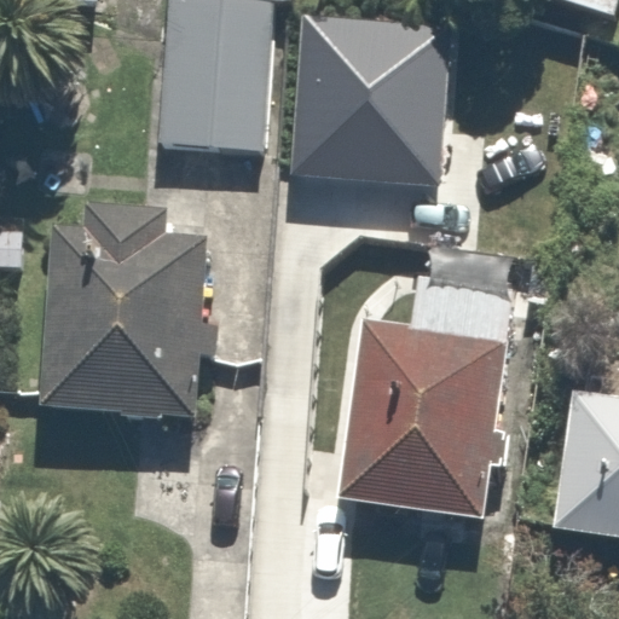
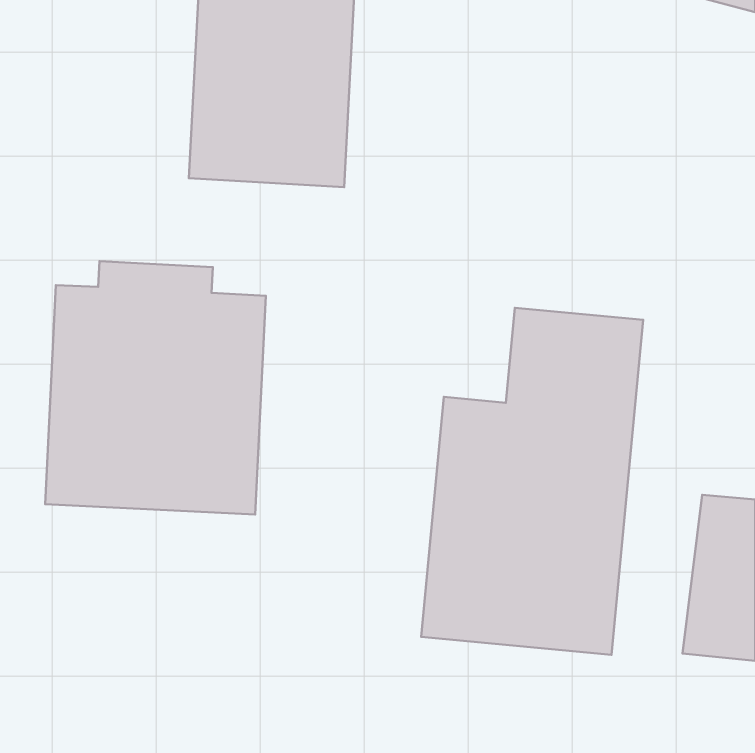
building: [300,13,461,191] -> none

